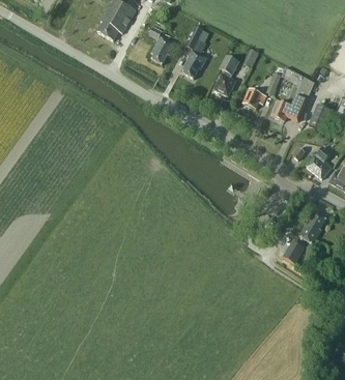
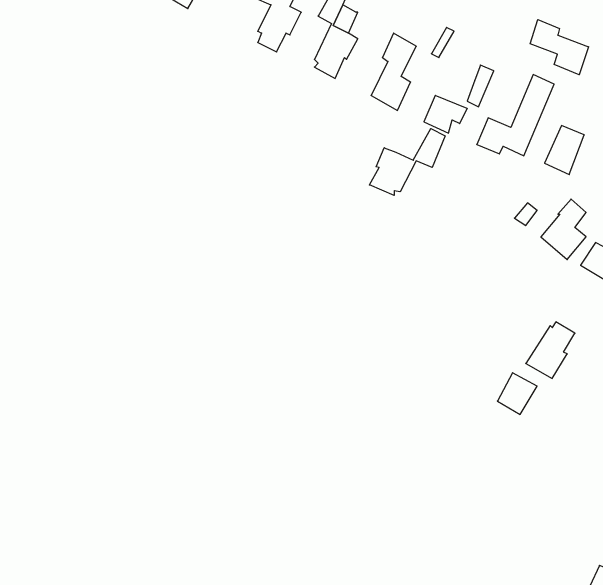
building: none -> [530,20,589,75]
building: none -> [369,129,445,195]

